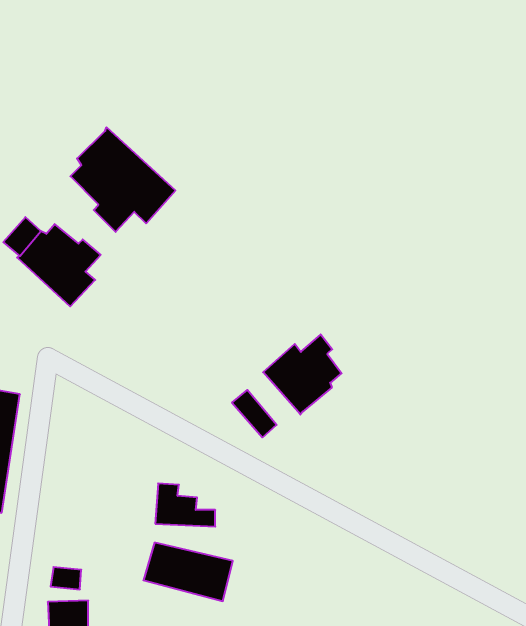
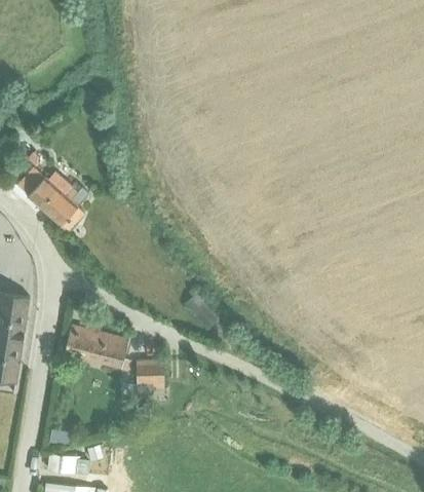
building: [70,127,175,232] -> none
building: [263,334,342,415] -> none
building: [143,543,233,601] -> [64,325,129,368]

